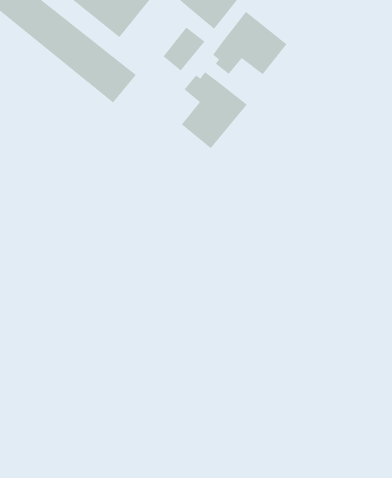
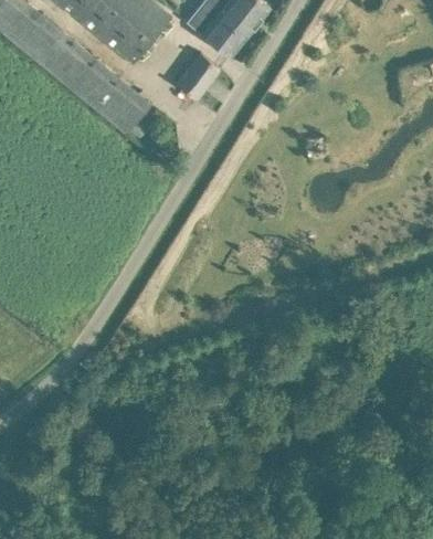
building: [212,11,288,75] -> none
building: [181,71,248,149] -> none

